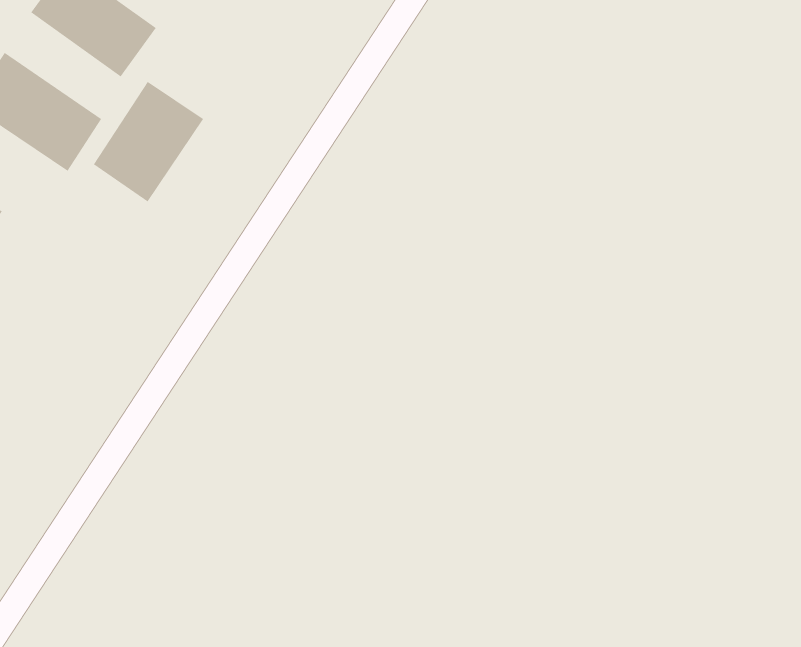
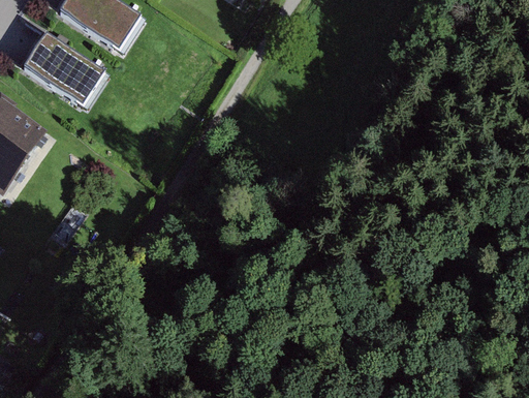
building: [93,81,204,203] -> none

